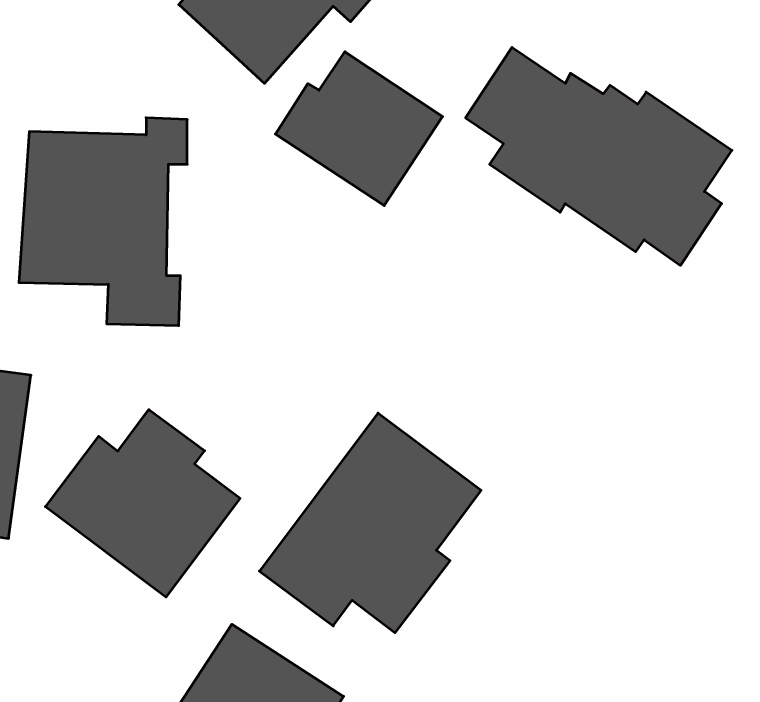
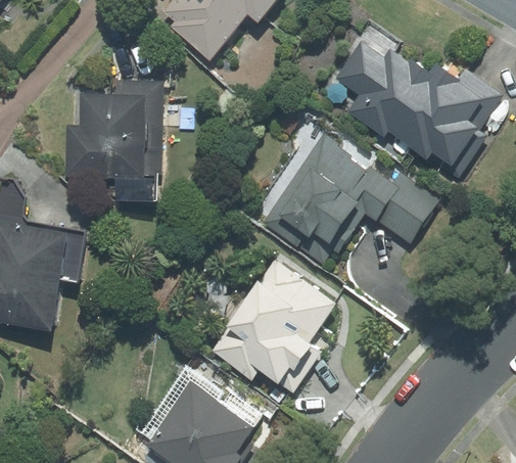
building: [275,52,443,206] -> none
building: none -> [261,121,442,266]
building: [45,410,240,597] -> none

